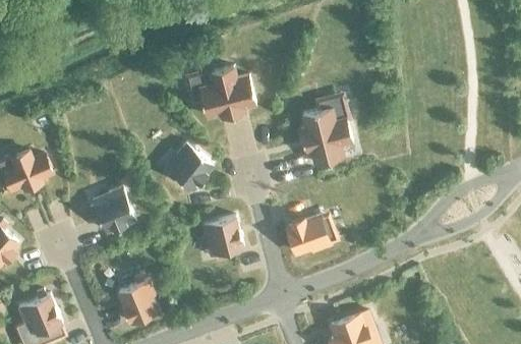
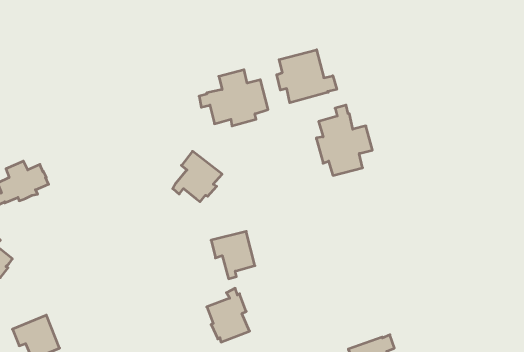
building: none -> [277,50,337,103]
building: [89,188,135,232] -> none
building: [287,217,336,254] -> none
building: [118,275,158,325] -> [207,288,250,342]

